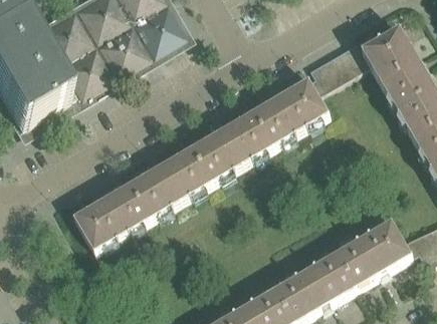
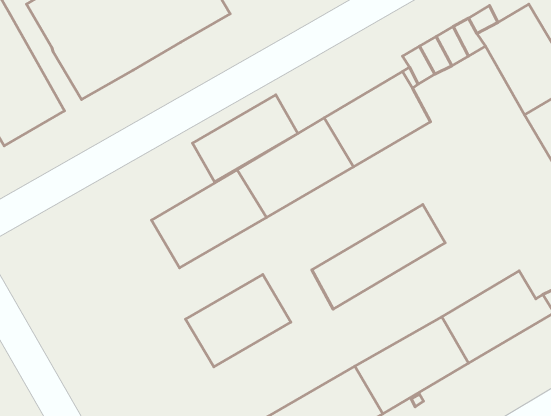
building: none -> [193,95,298,182]
building: none -> [312,205,445,309]
building: [75,182,151,248] -> [186,274,291,367]

